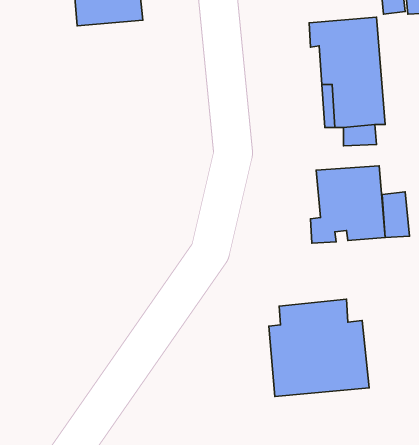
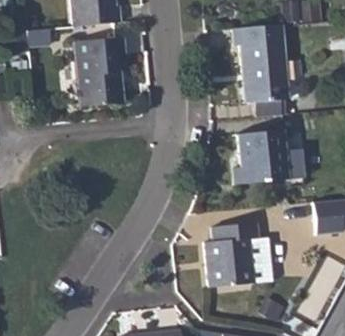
building: none -> [75,40,123,109]

